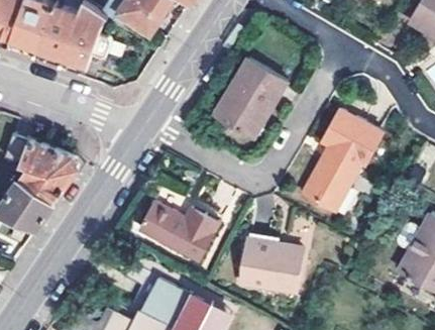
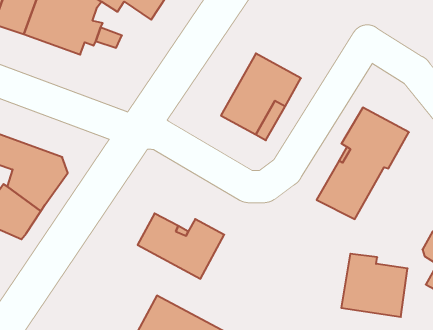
building: [240,234,300,291] -> [341,254,408,317]

